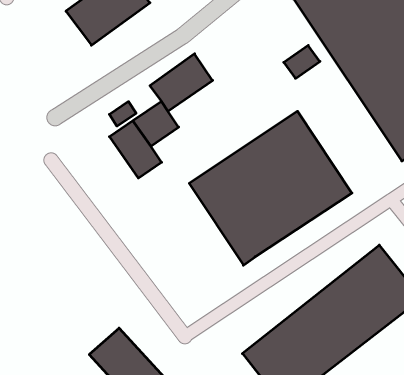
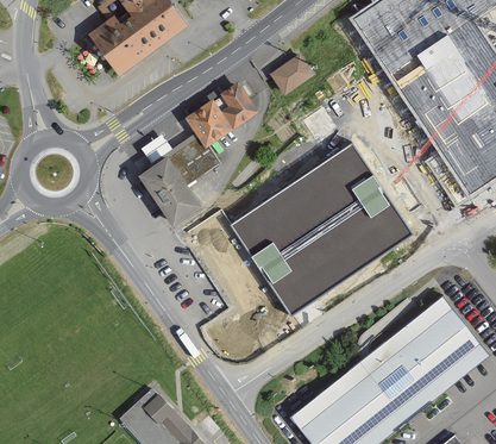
building: [284,45,320,78] -> [272,54,313,90]

